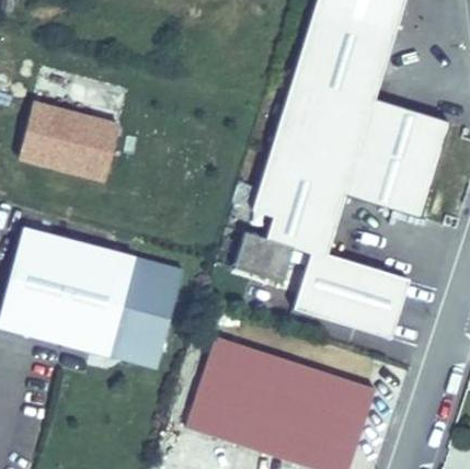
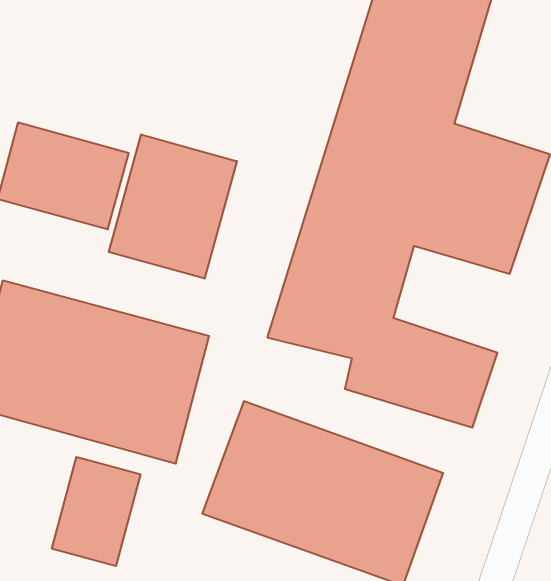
building: none -> [109,134,237,279]
building: none -> [52,457,140,566]

